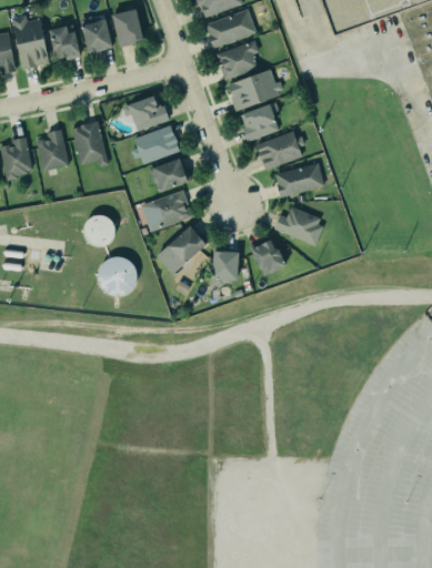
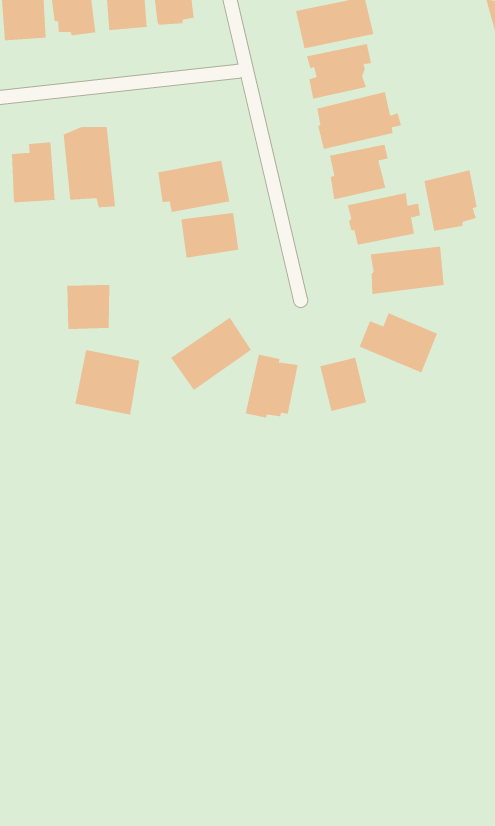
building: [123,94,169,130] -> none
building: none -> [424,170,477,232]
building: [142,190,193,231] -> none

